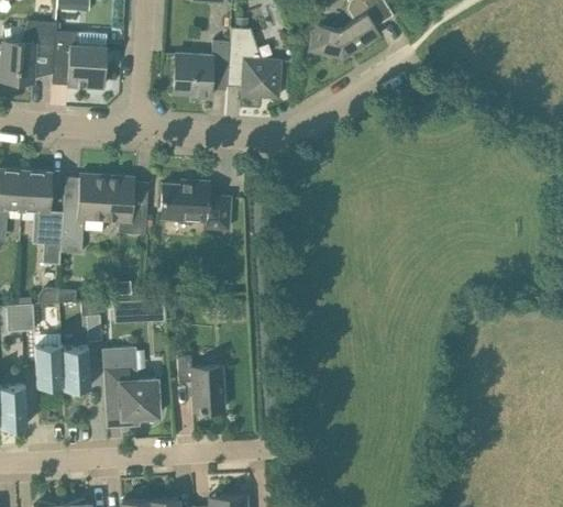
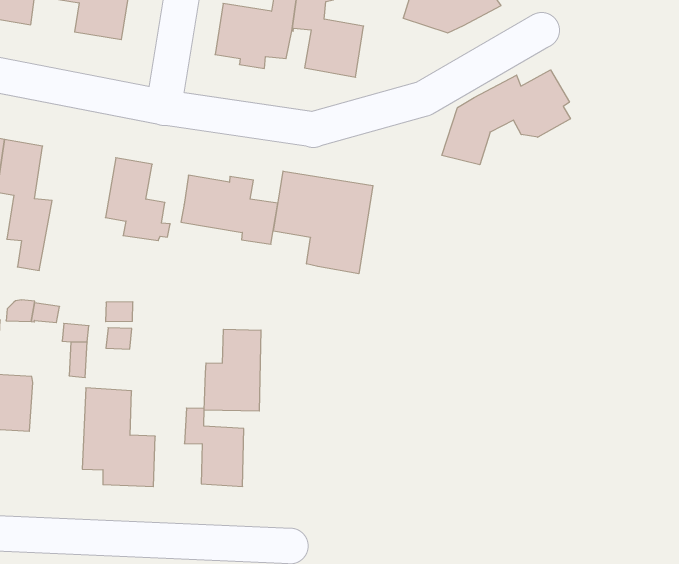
building: none -> [442,70,570,165]
building: none -> [273,171,373,274]
building: [59,174,107,254] -> none
building: none -> [204,329,261,411]
building: [62,346,90,389] -> none

